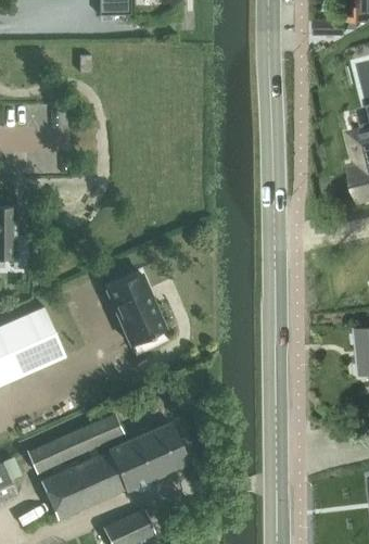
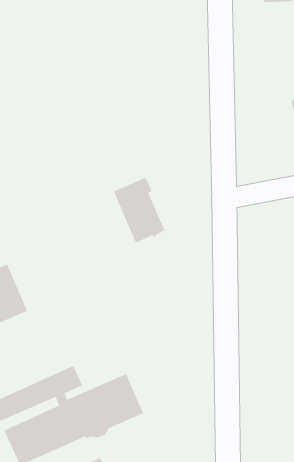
building: [107,275,163,345] -> [113,177,166,244]

